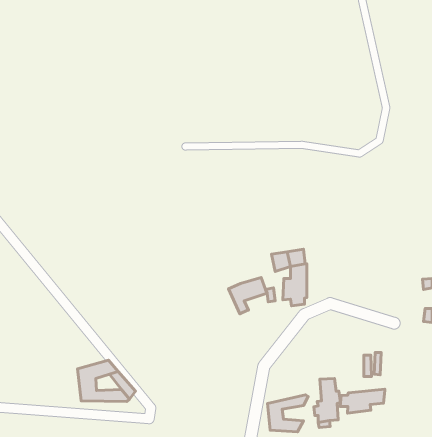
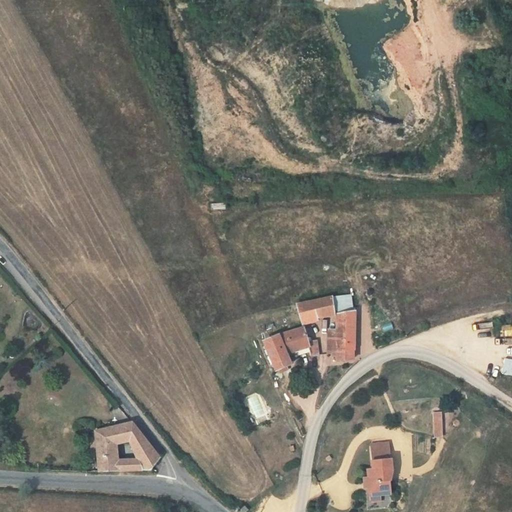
building: none -> [296,299,319,324]
building: [340,389,385,413] -> none
building: [267,395,308,432] -> none

